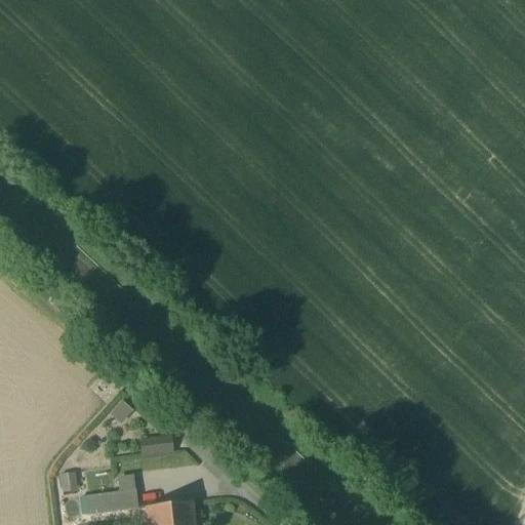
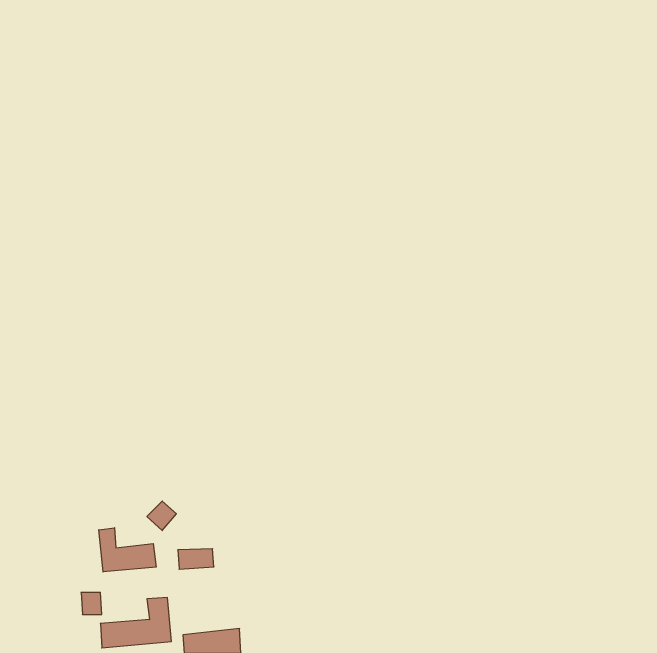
building: none -> [99,528,156,572]

